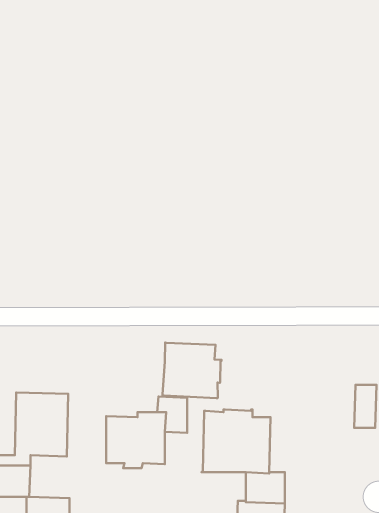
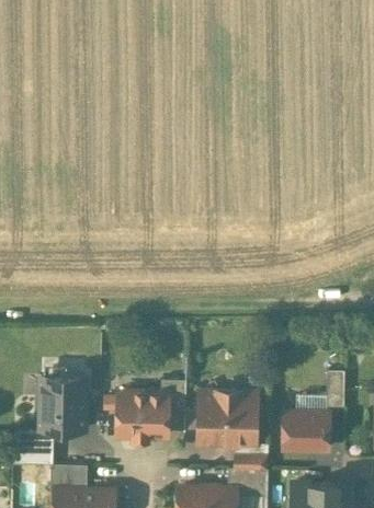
building: [162,343,222,398] -> none
building: none -> [281,412,326,450]

